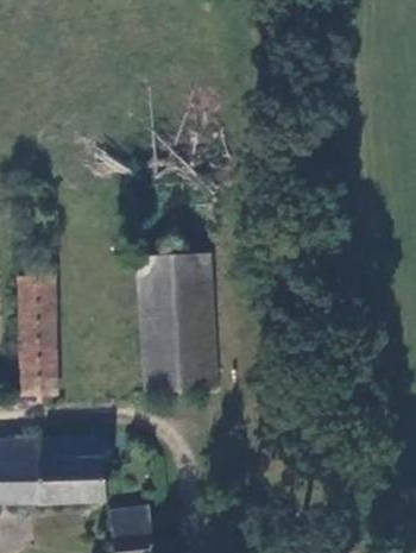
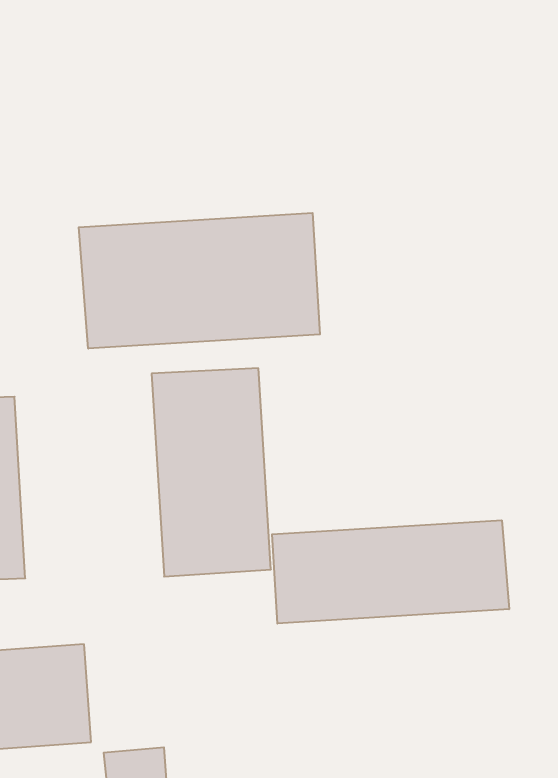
building: none -> [79,213,320,349]
building: none -> [272,520,509,624]

